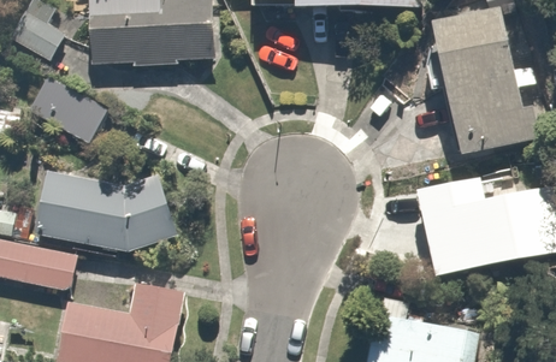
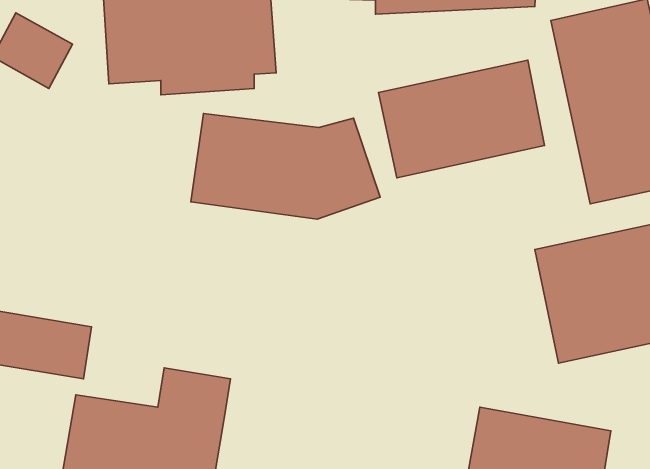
building: none -> [379,60,545,178]
building: [26,78,108,144] -> none
building: [36,170,181,250] -> [191,113,380,219]

